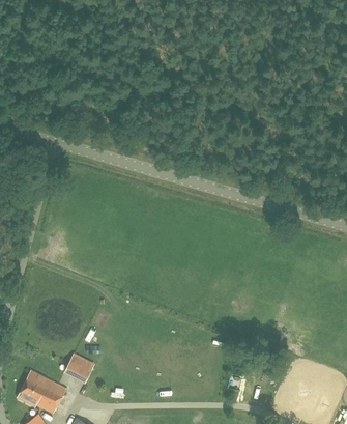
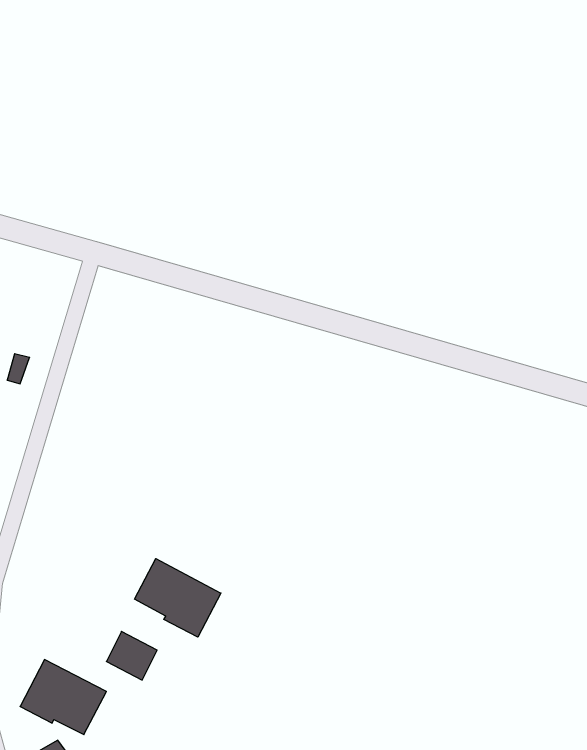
building: none -> [135,559,221,637]

